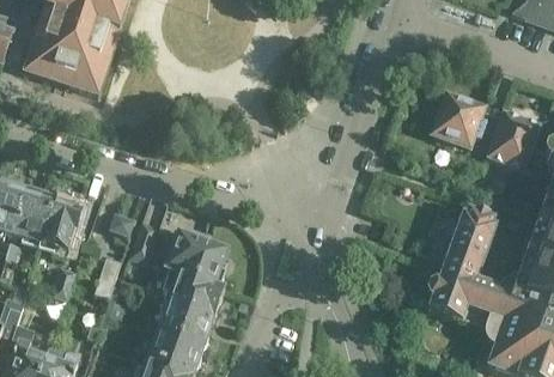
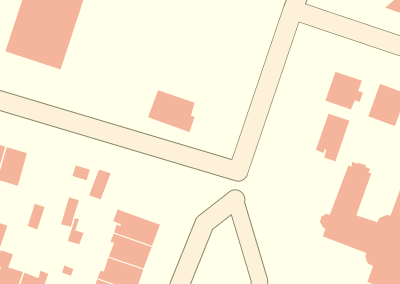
building: none -> [315,113,350,162]
building: [39,199,80,257] -> none
building: [163,233,225,291] -> [147,90,196,134]

